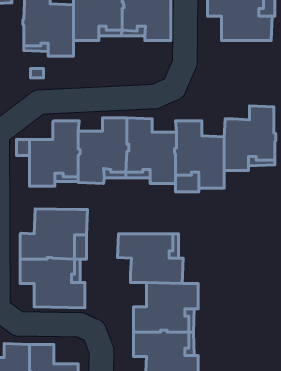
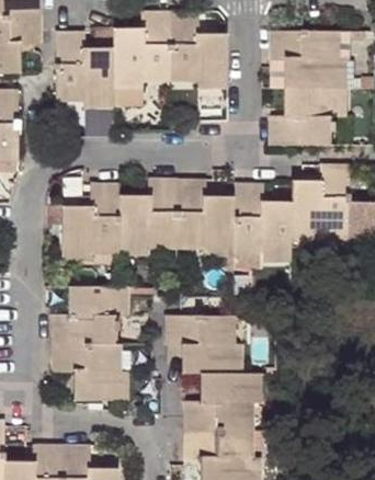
building: none -> [271,89,345,146]

